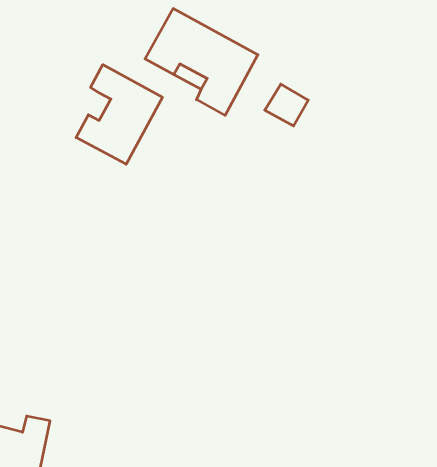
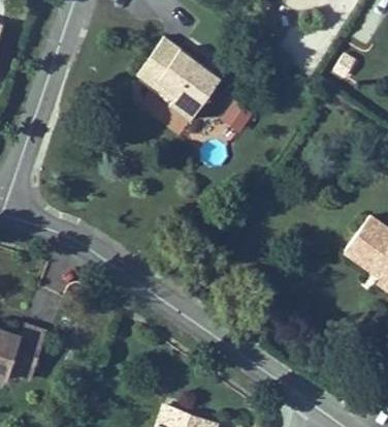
building: [76,65,162,164] -> none

